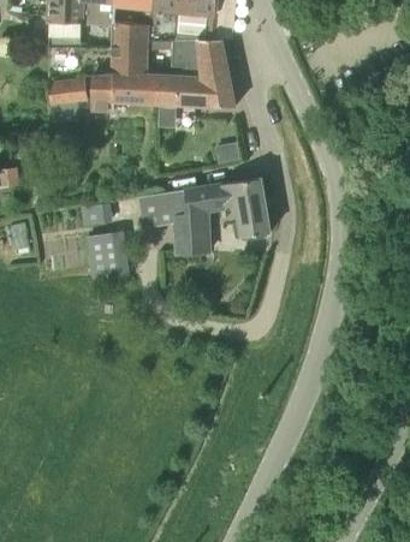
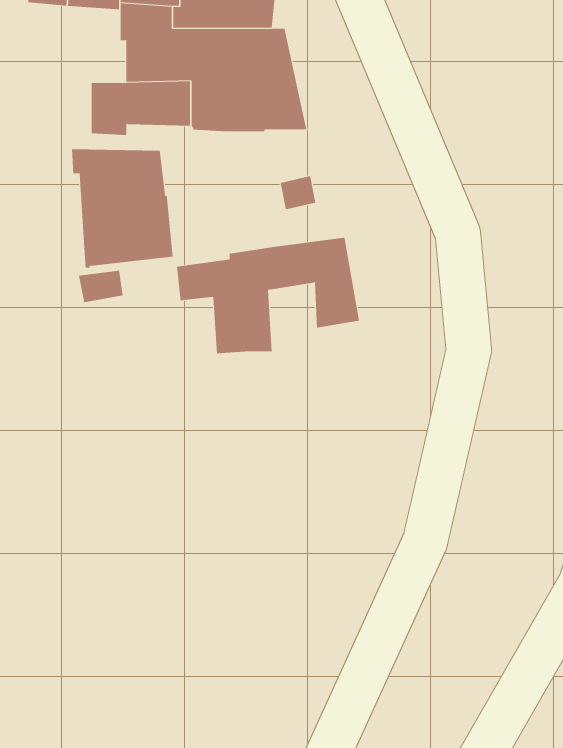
building: [48,78,87,106] -> none
building: none -> [72,148,173,269]
building: [89,228,127,272] -> none

